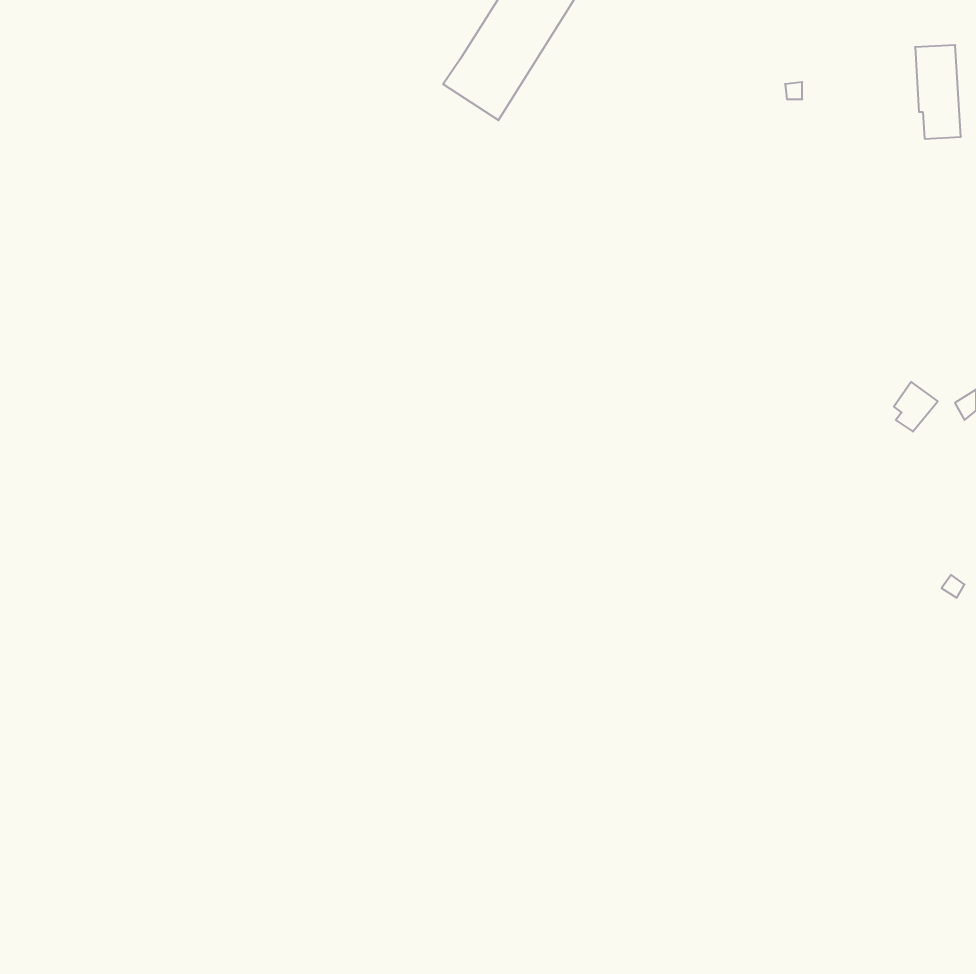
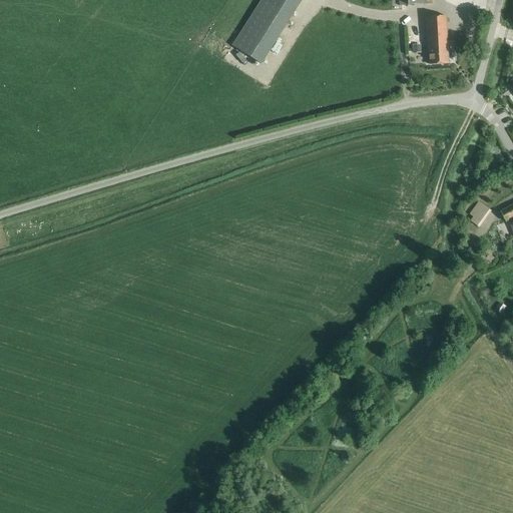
building: [915,45,961,139] -> [425,15,449,64]

